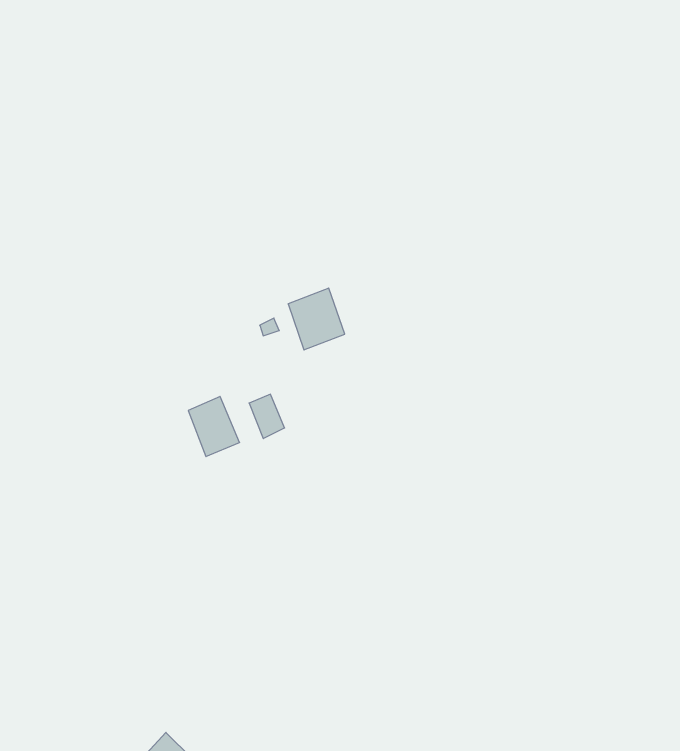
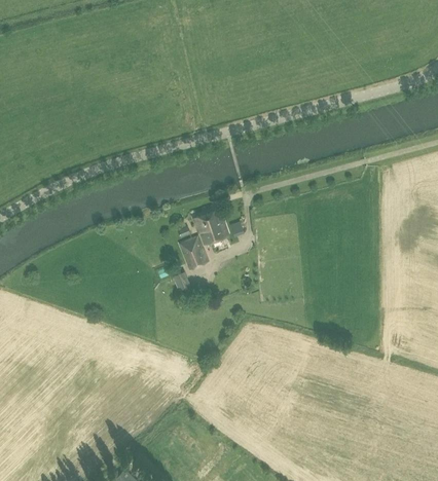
building: [188,396,240,457] -> [179,235,209,270]

